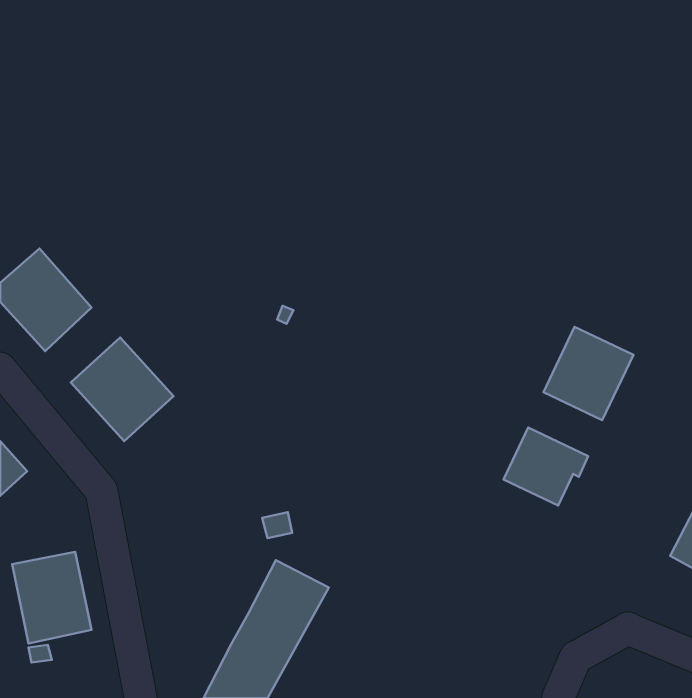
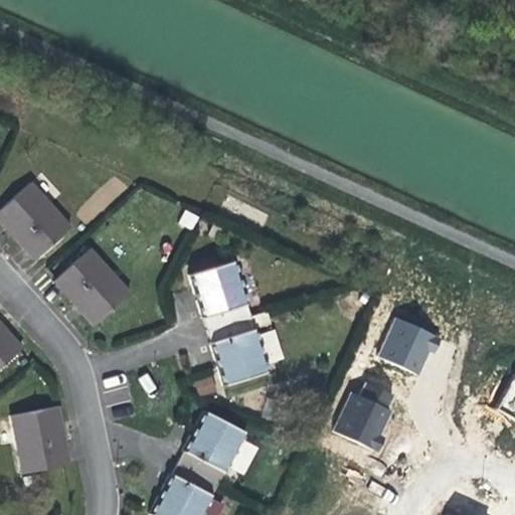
building: [543,327,633,420] -> none
building: none -> [192,263,269,384]
building: none -> [331,379,390,449]

